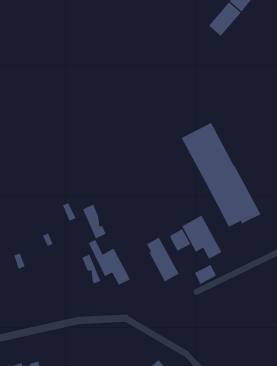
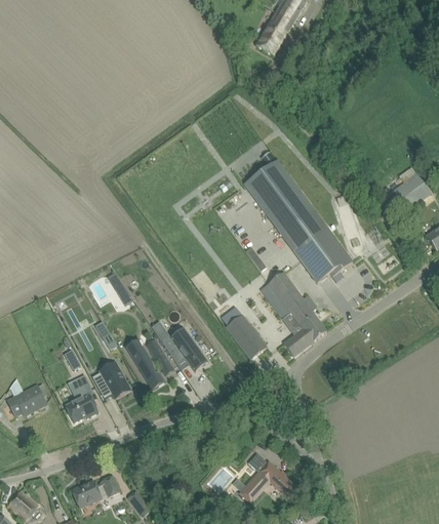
building: [79,201,107,239] -> [125,346,164,389]
building: [169,228,191,252] -> [298,313,326,341]
building: none -> [91,367,129,397]
building: none -> [65,374,97,421]

